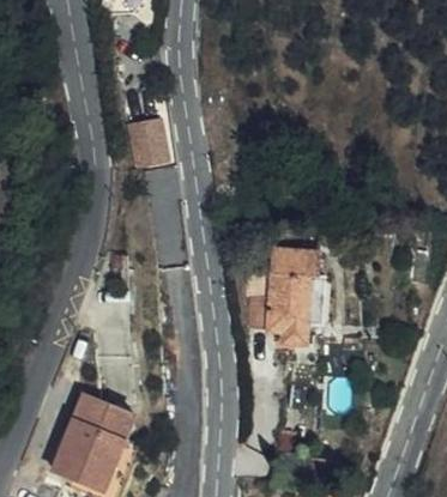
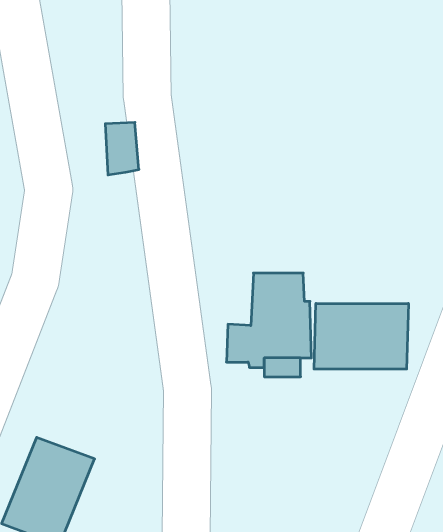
building: none -> [314,303,408,369]

